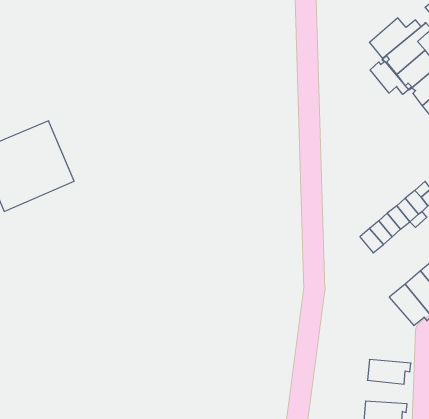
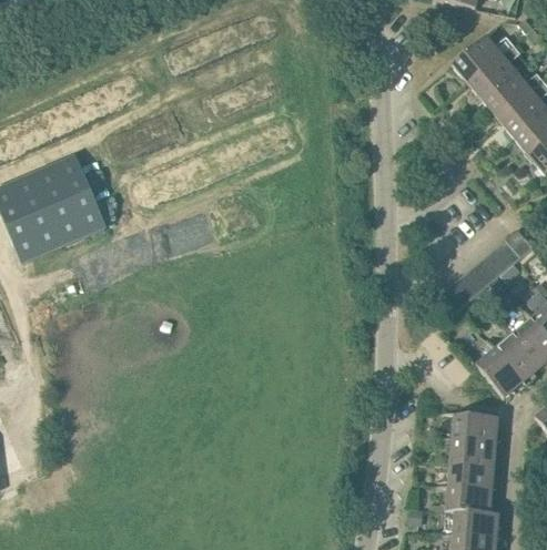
building: [370,59,408,94] -> none
building: none -> [452,414,502,441]
building: none -> [447,461,497,489]

